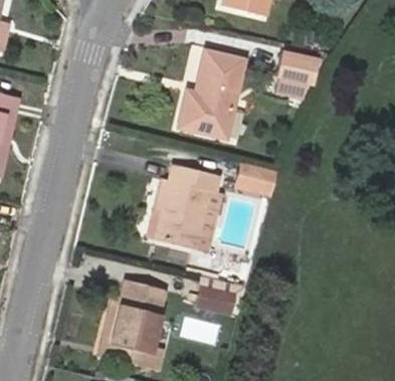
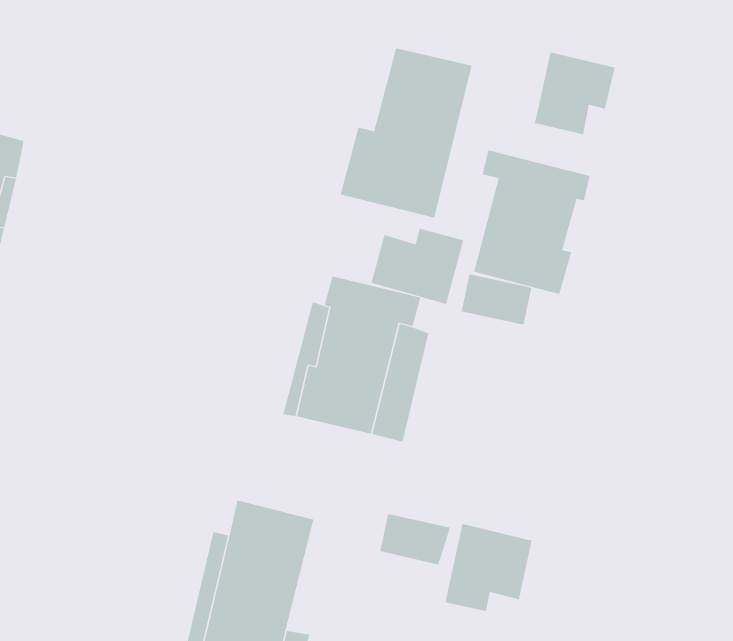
building: none -> [474,150,590,295]
building: none -> [371,228,464,305]
building: none -> [445,523,532,612]

